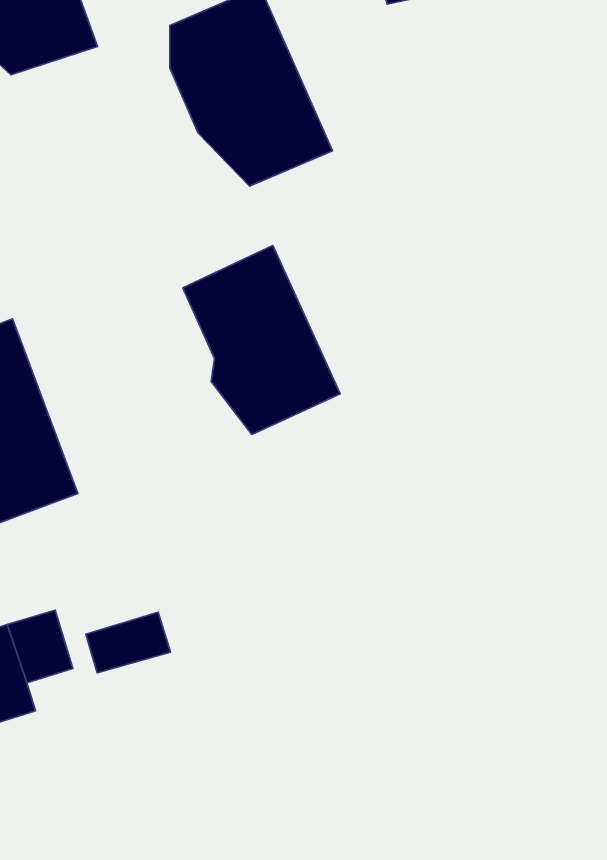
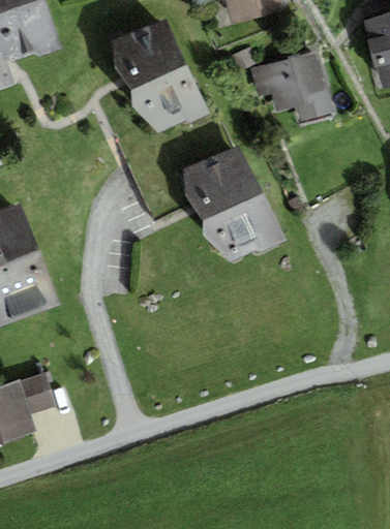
building: none -> [250,52,332,118]
building: [183,246,340,435] -> [190,150,282,260]
building: [86,612,171,673] -> none

